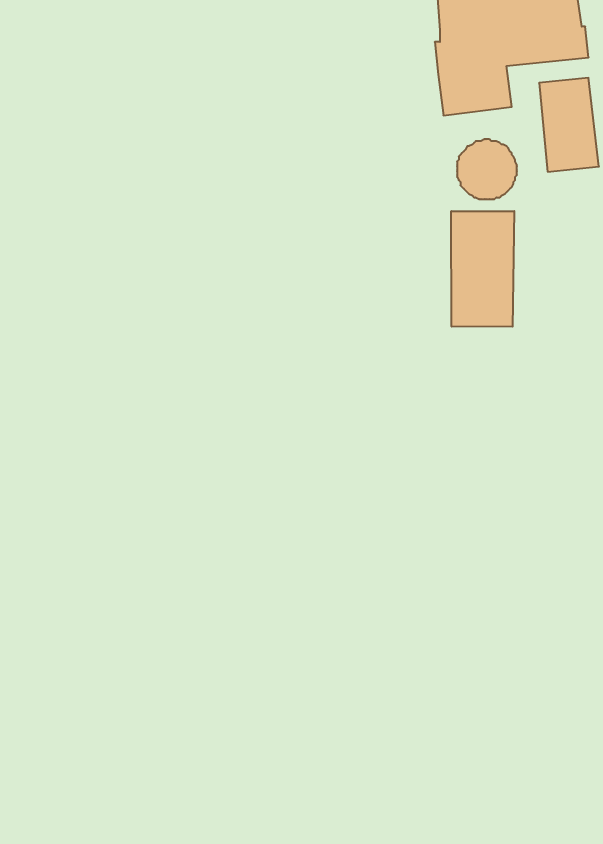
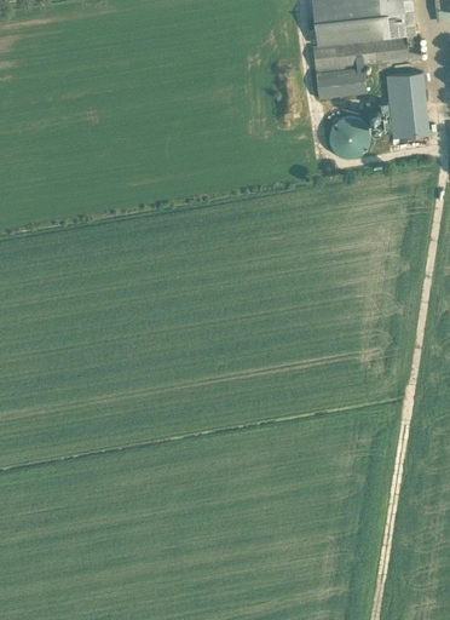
building: [451,211,514,327] -> none

